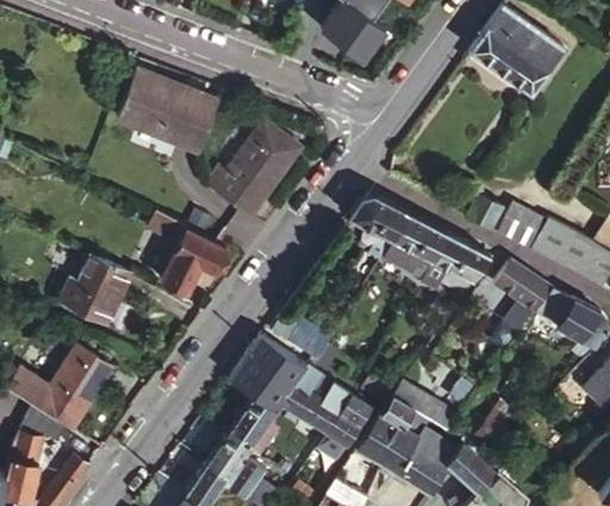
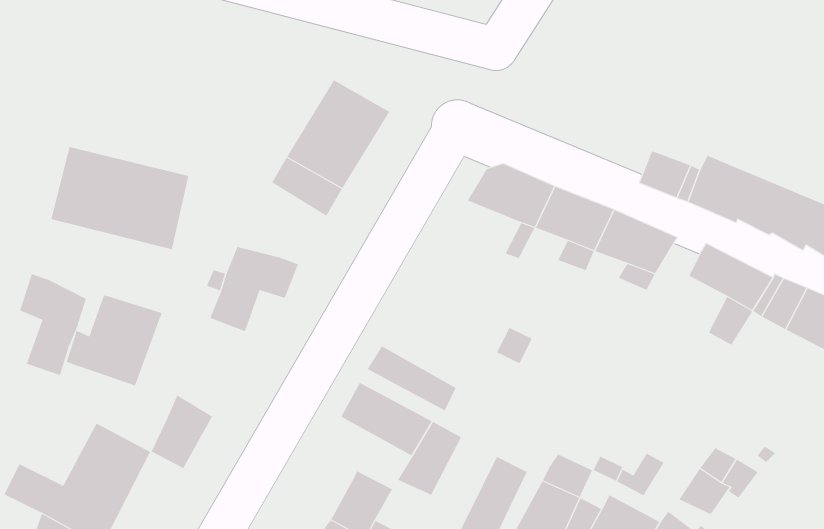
building: [118,73,217,151] -> [50,147,189,250]
building: none -> [19,274,86,376]
building: none -> [151,395,213,469]
building: [229,357,292,411] -> none
building: [303,380,350,433] -> none

